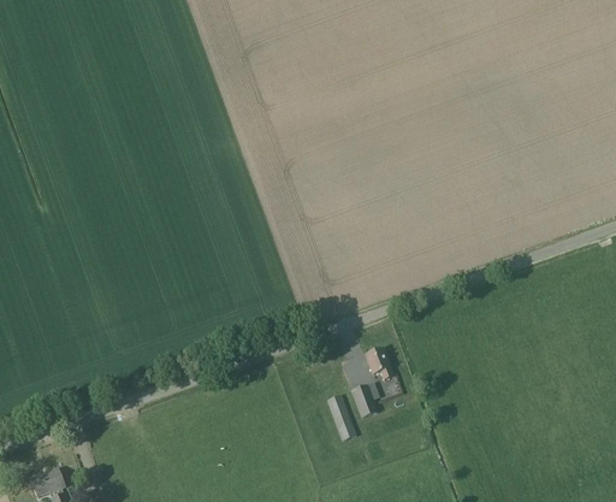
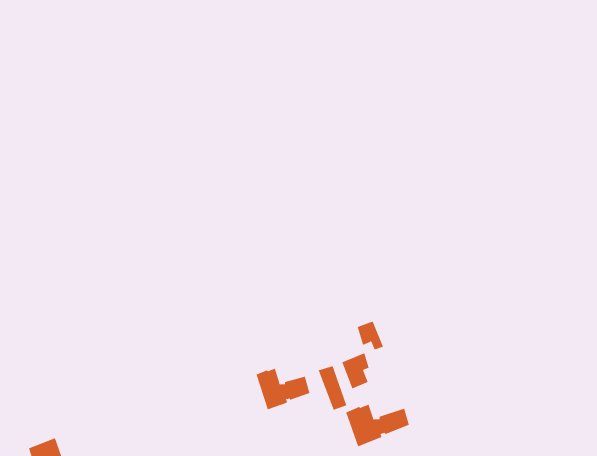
building: none -> [256,368,310,410]
building: none -> [346,404,409,447]

